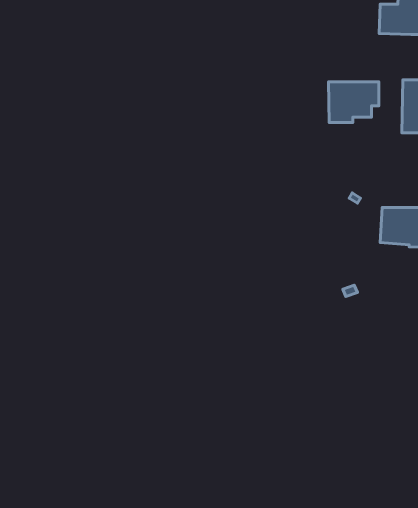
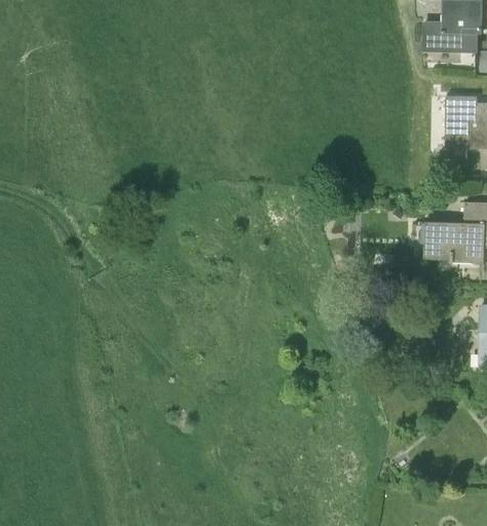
building: [328,82,379,123] -> none

